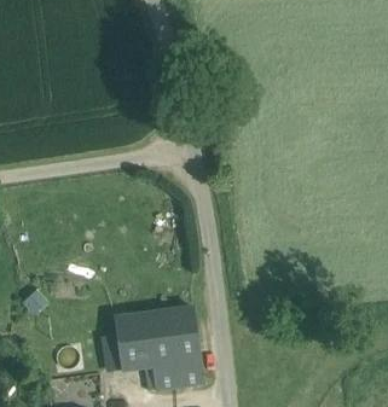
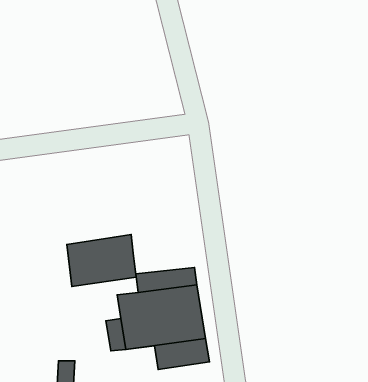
building: none -> [67,235,136,286]

